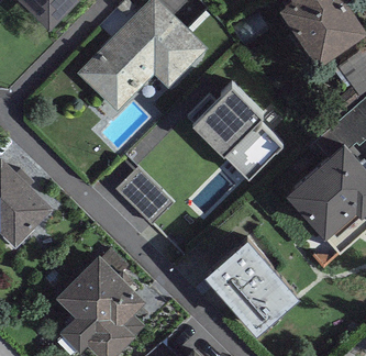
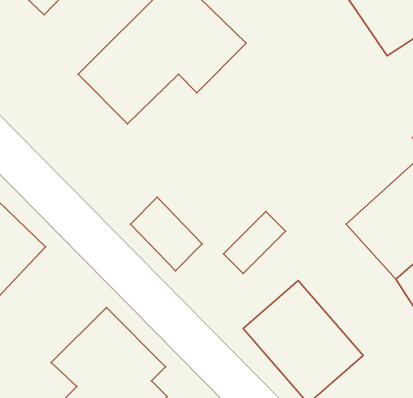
building: [192,82,281,176] -> none

